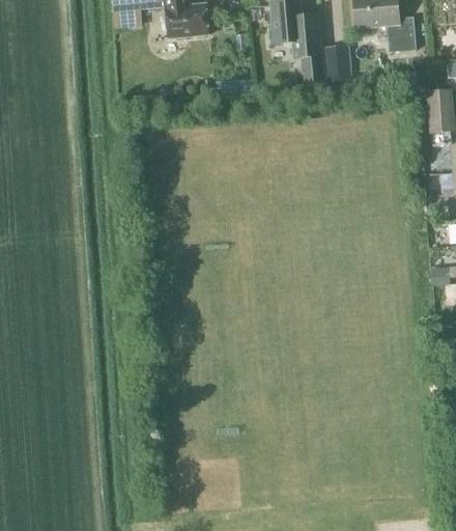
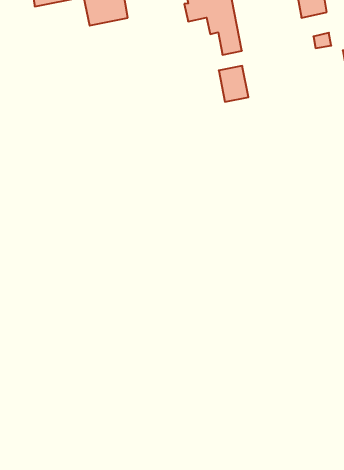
building: [323,45,351,80] -> [219,66,248,102]

